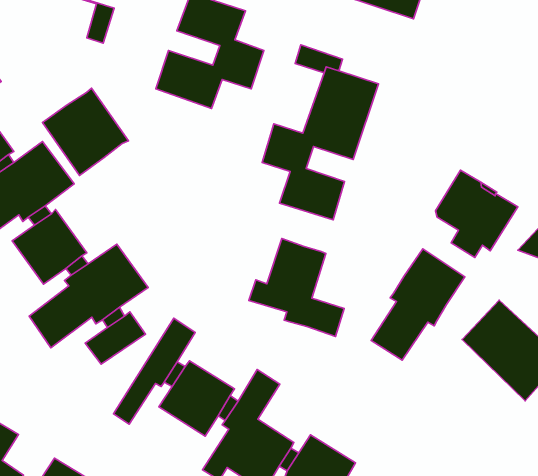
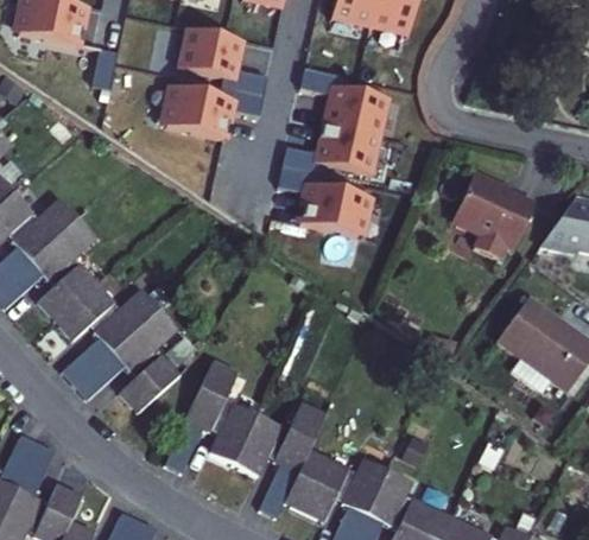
building: [42,88,128,175] -> none
building: [249,238,344,336] -> none
building: [371,249,465,360] -> none

